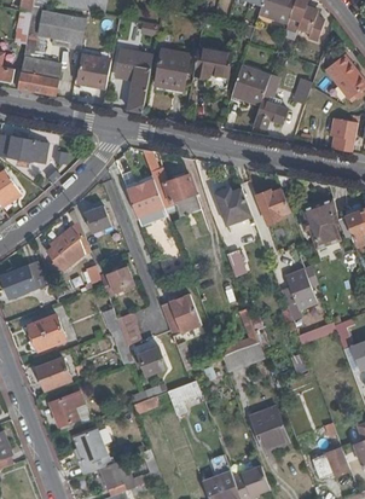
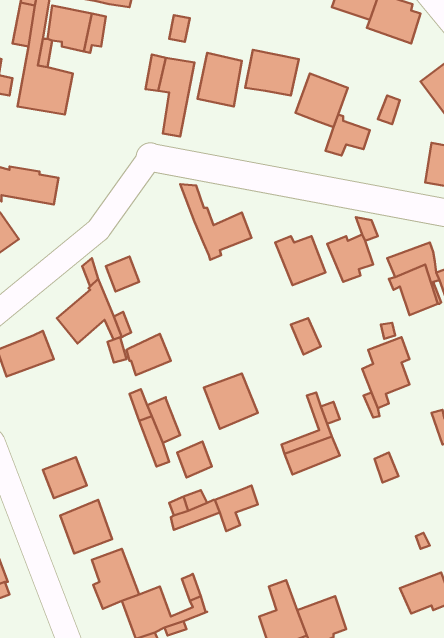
building: [77,54,110,87] -> none
building: [126,178,167,224] -> none
building: [28,315,64,349] -> none
building: [249,406,286,448] -> none

